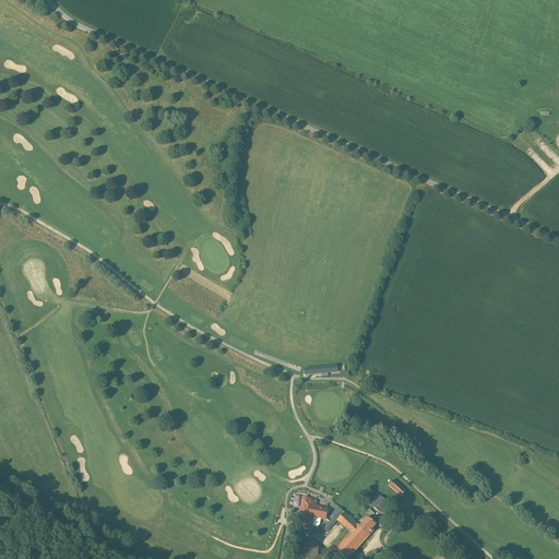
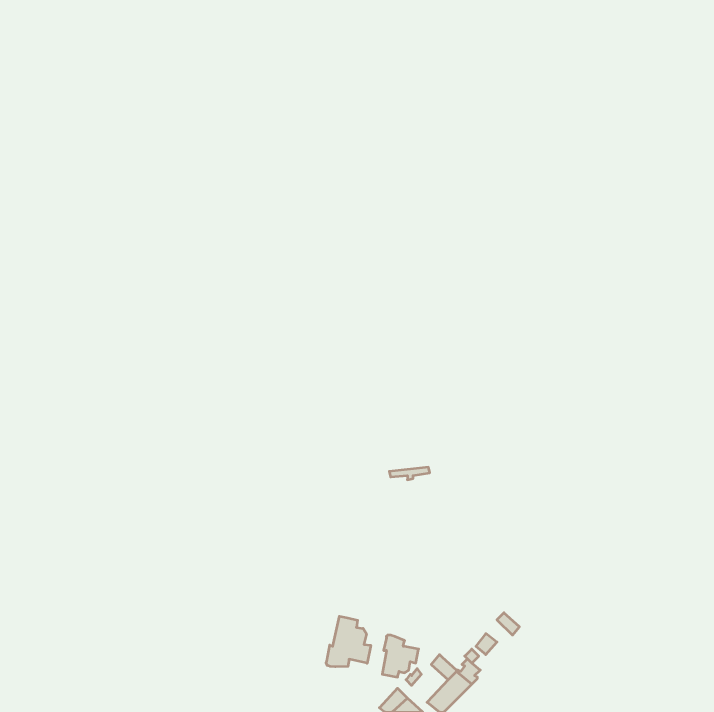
building: none -> [326,616,371,667]

